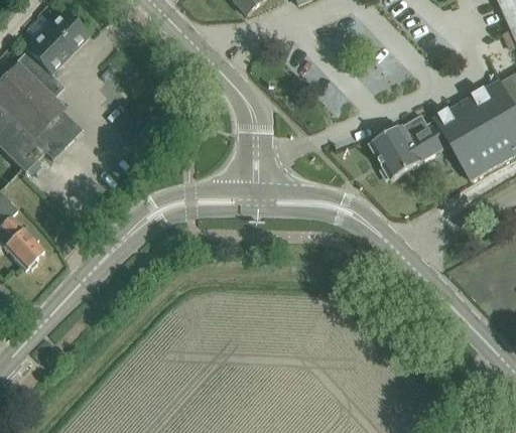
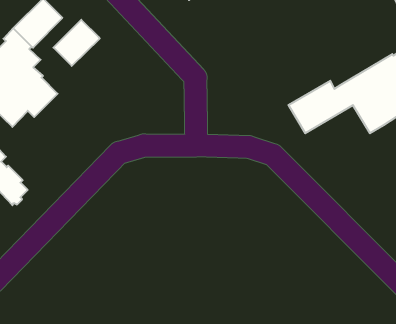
building: none -> [53,20,100,66]

